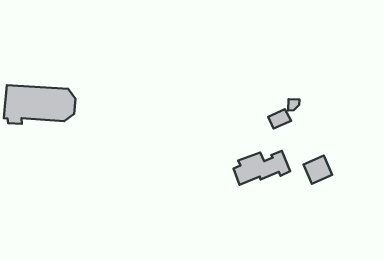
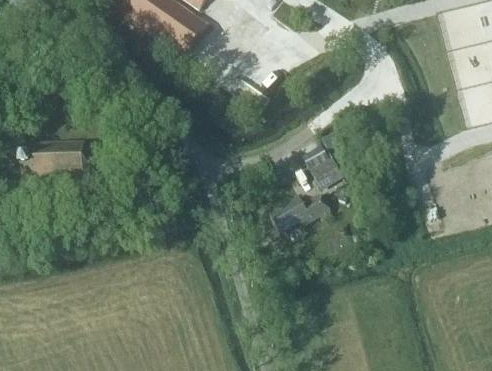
building: [303,155,332,184] -> [311,154,343,186]

